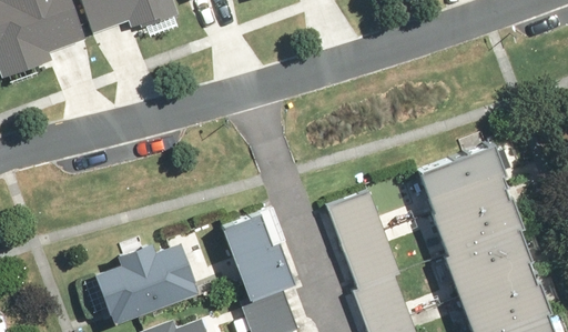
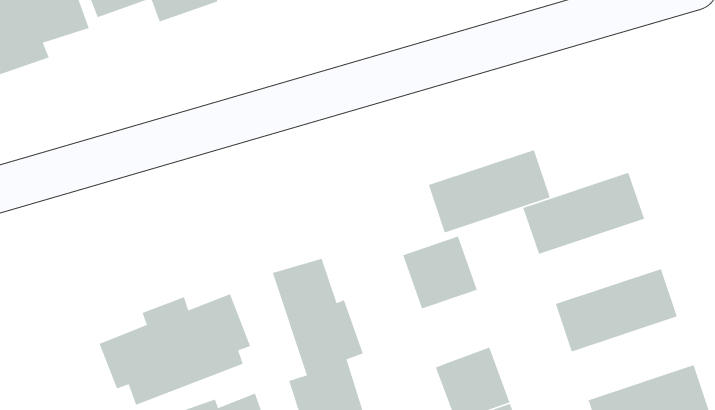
building: [427,181,519,244] -> [428,149,551,233]
building: [339,234,396,290] -> none
building: [452,254,544,316] -> none

